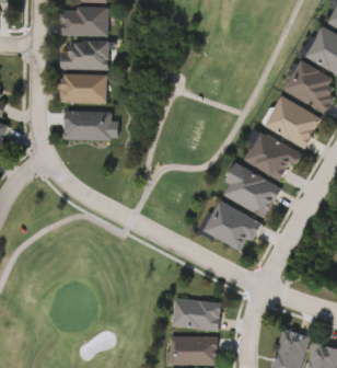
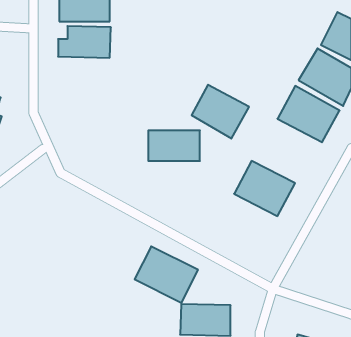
building: [61,74,108,102] -> none
building: [66,111,114,139] -> [148,130,200,161]
building: [246,131,300,182] -> [192,85,249,139]
building: [204,199,263,252] -> [135,246,198,303]

